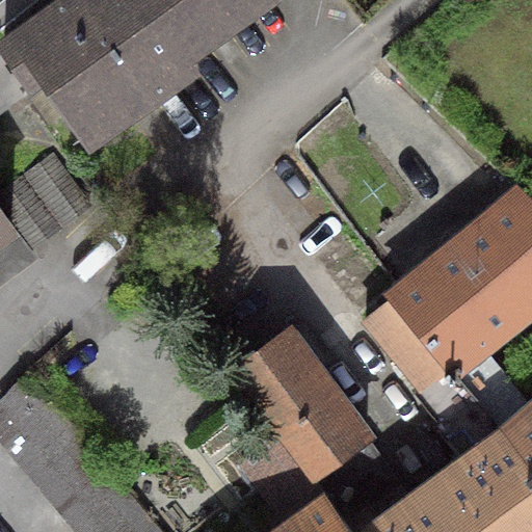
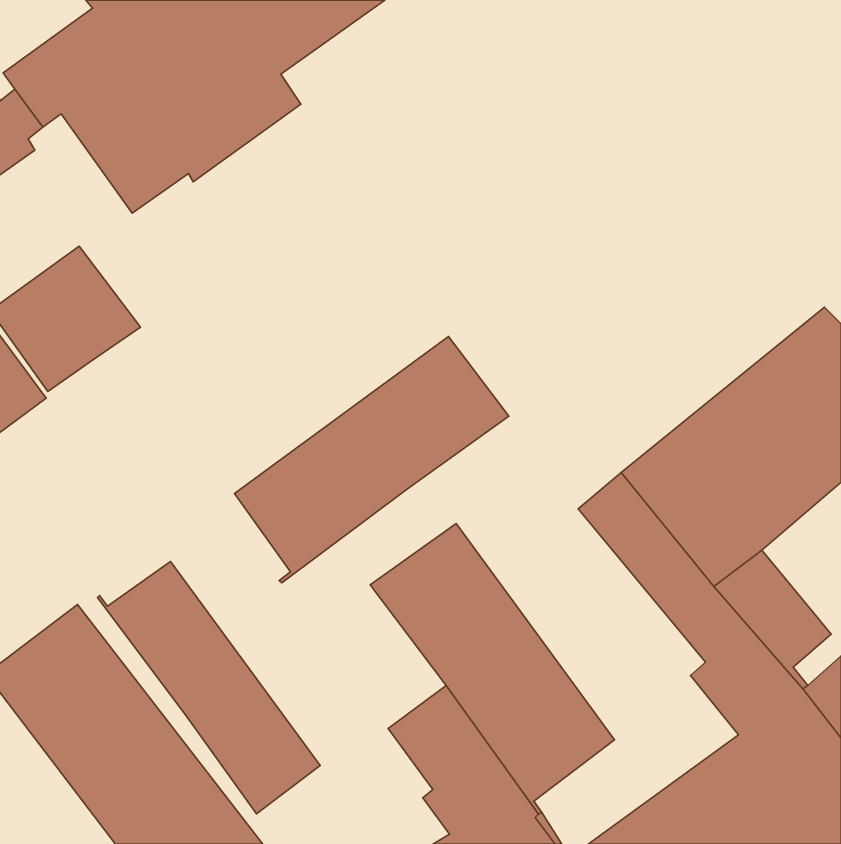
building: none -> [235,336,509,583]
building: none -> [98,562,320,814]

